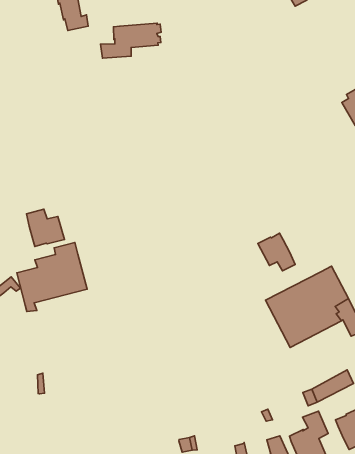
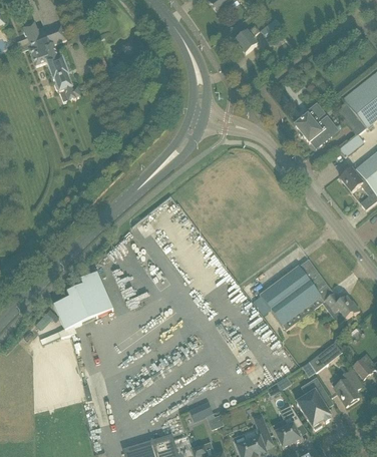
building: [101,23,161,58] -> none
building: [27,209,65,246] -> none
building: [258,233,295,271] -> none

